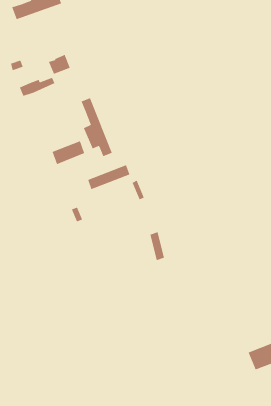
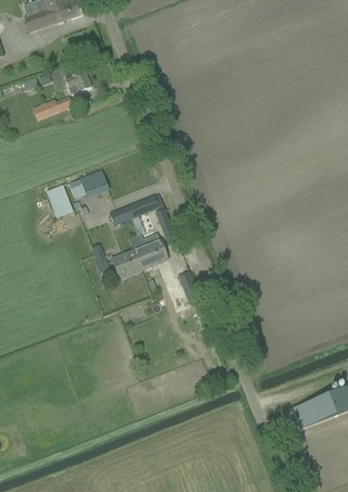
building: [80,97,113,157] -> none
building: none -> [47,182,74,216]
building: none -> [113,239,167,276]

